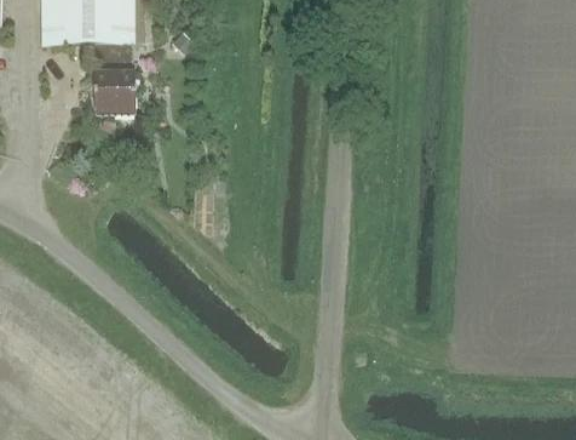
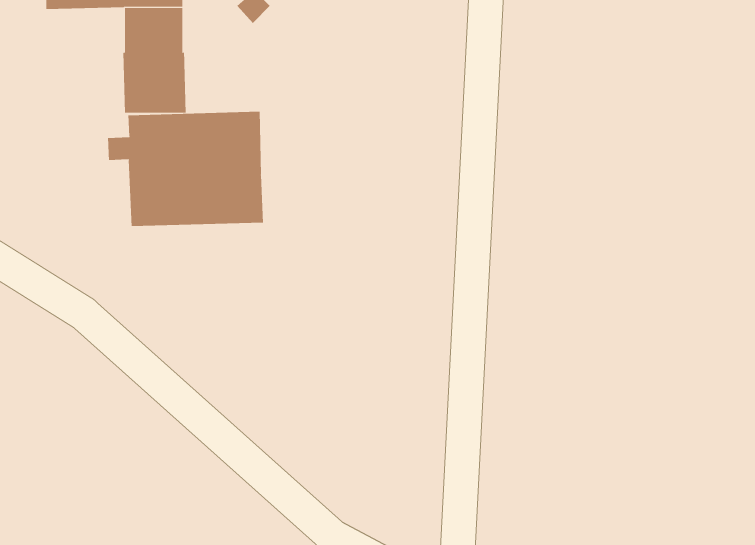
building: none -> [108,111,263,227]

